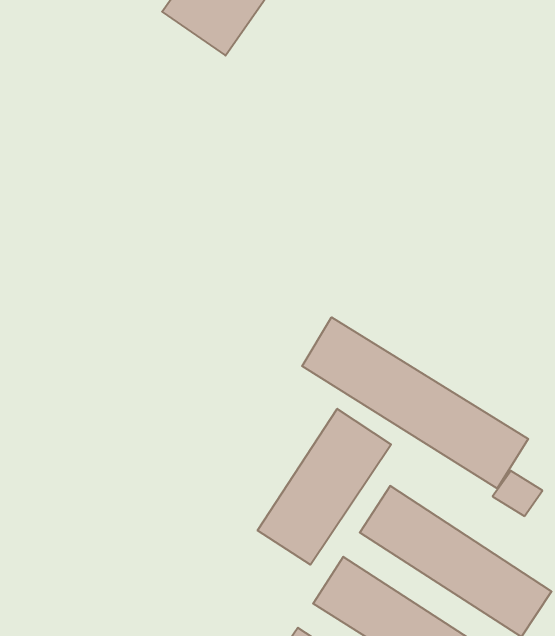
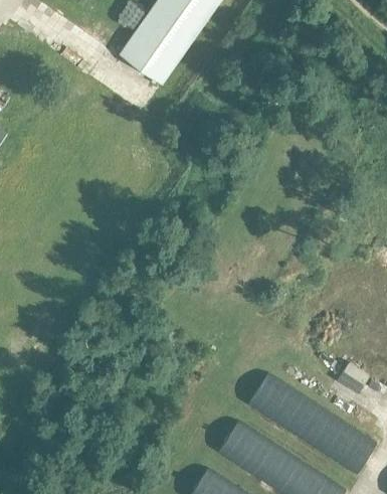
building: [302,317,528,488] -> none
building: [258,409,391,565] -> none

